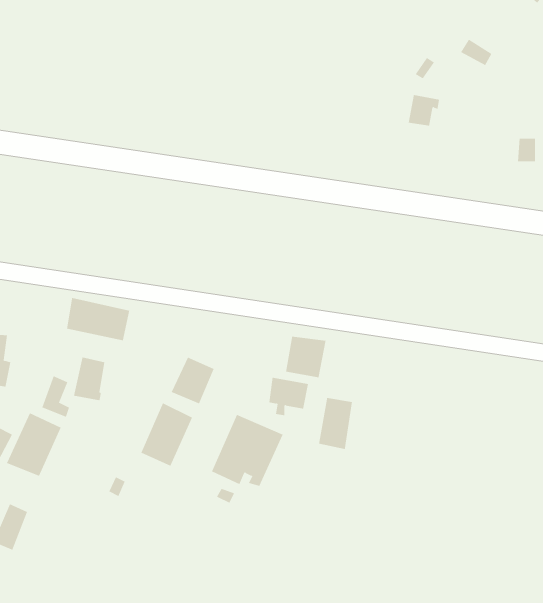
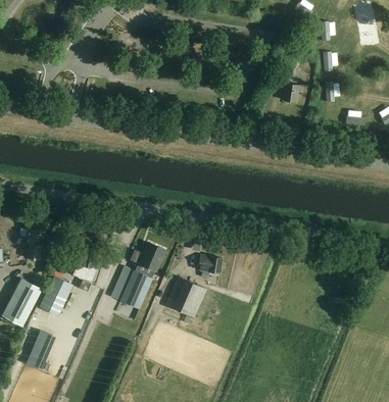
building: [67,297,130,341] -> none
building: [285,336,326,378] -> none
building: [318,397,352,450] -> none

